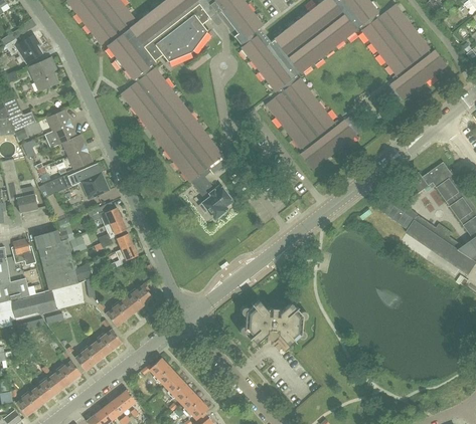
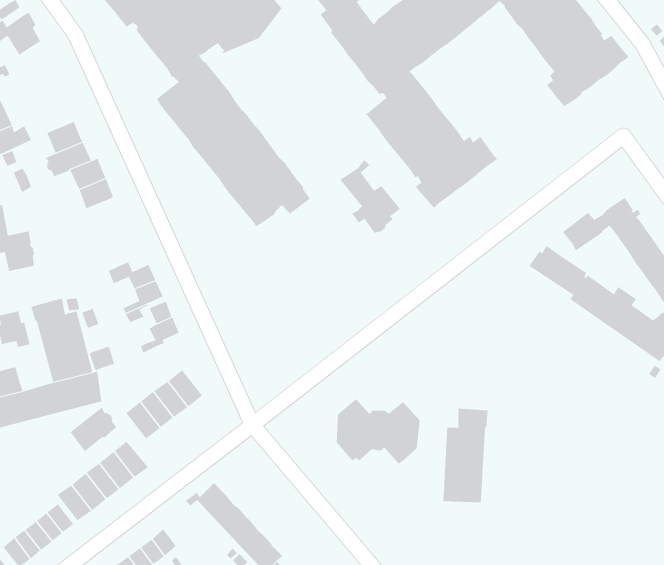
building: [28,58,57,90] -> none
building: [43,164,109,200] -> none
building: [190,168,232,219] -> [340,159,401,234]
building: none -> [70,407,117,452]
building: none -> [443,408,488,503]

